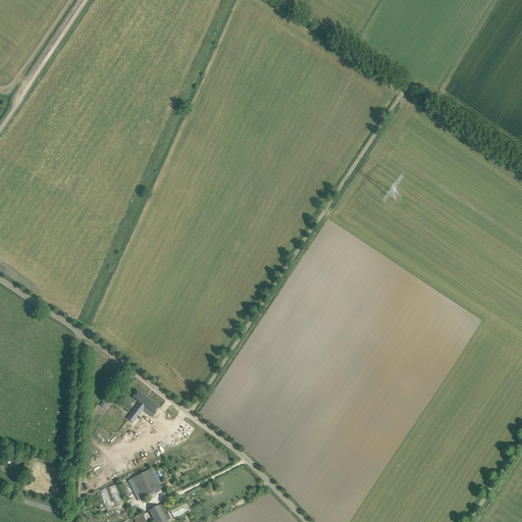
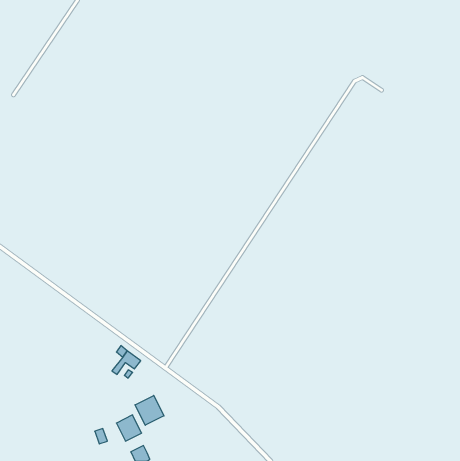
building: none -> [135,395,164,425]

